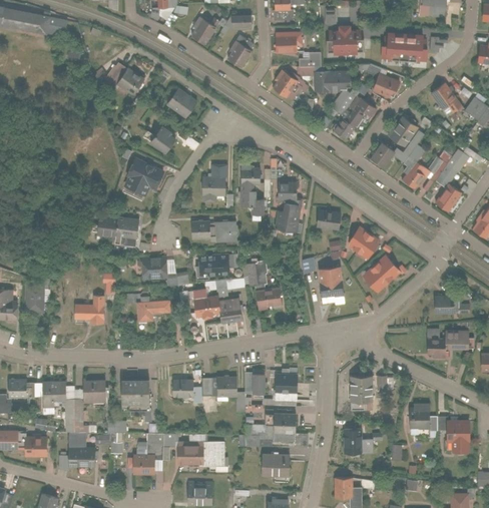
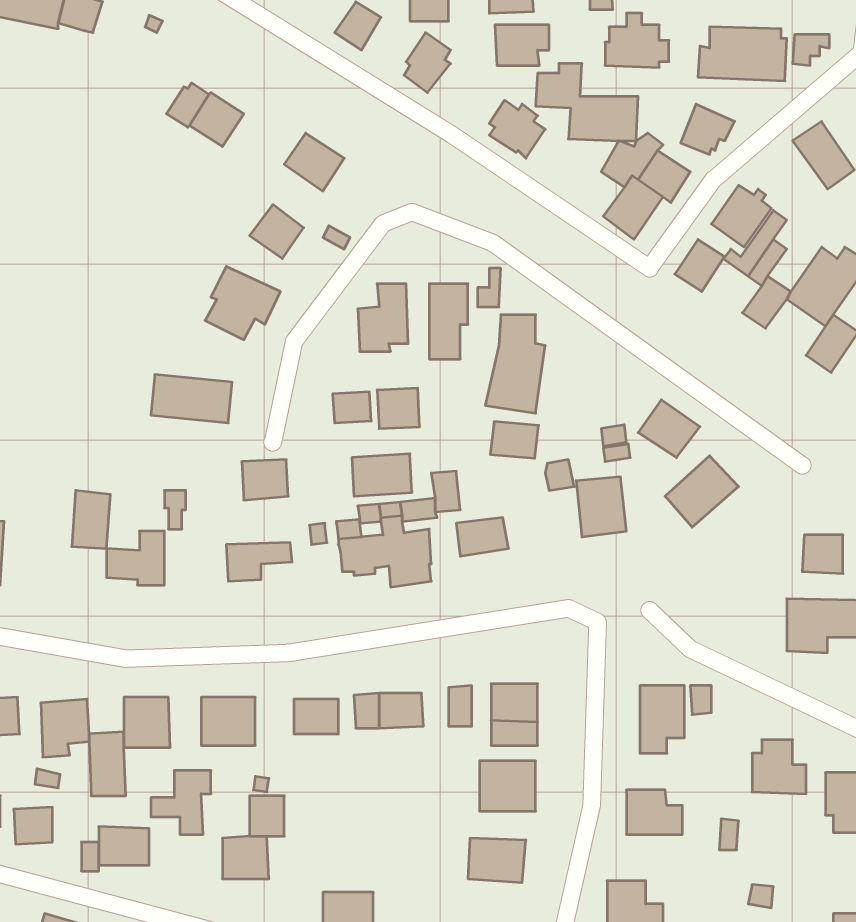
building: [315,210,340,229] -> [490,422,539,458]
building: [23,281,43,311] -> [72,490,110,548]
building: [177,441,222,463] -> none

